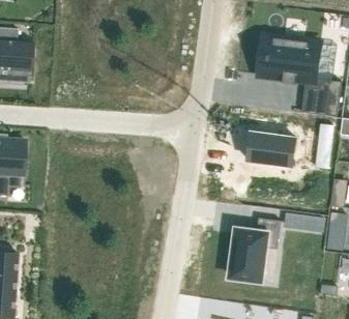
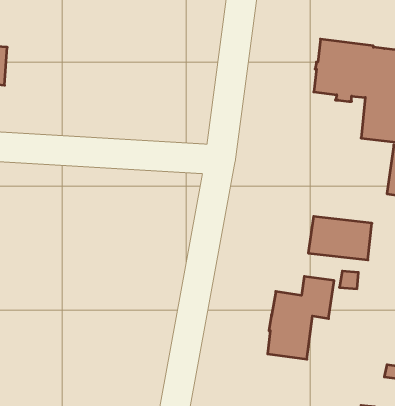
building: [246,133,295,166] -> [308,216,372,260]

